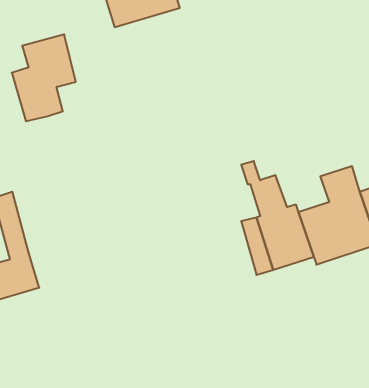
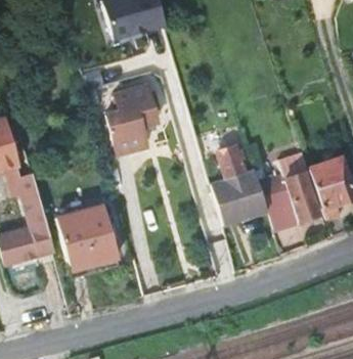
building: [12,34,76,121] -> [104,85,156,154]
building: none -> [56,203,118,263]

